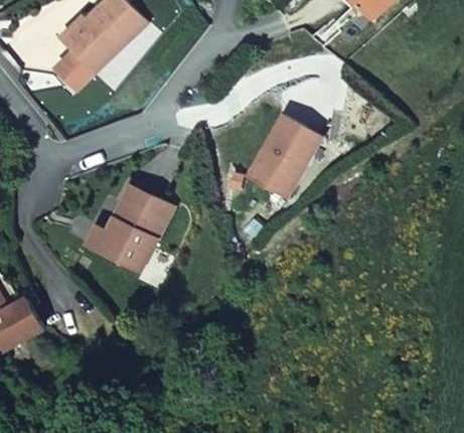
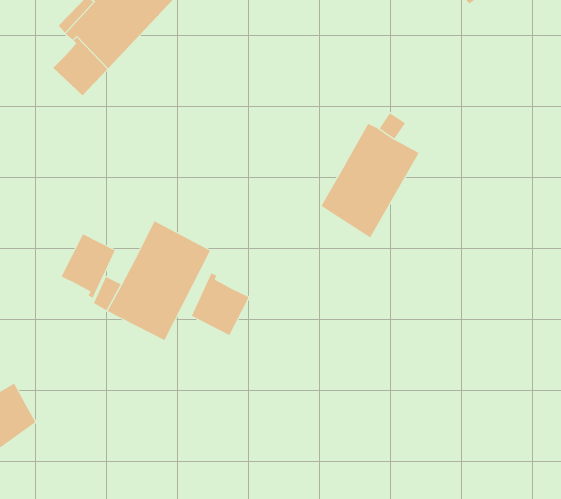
building: none -> [61,233,115,298]
building: none -> [191,273,249,336]

